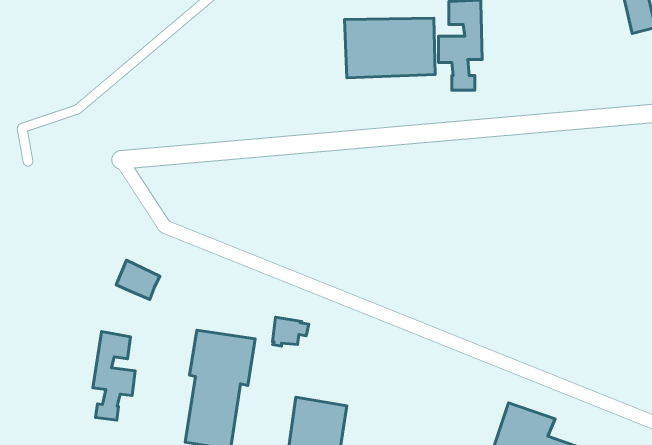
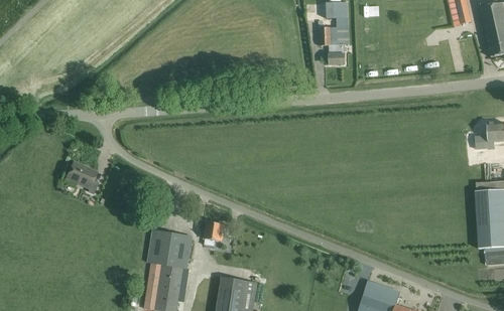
building: [344,18,435,78] -> none
building: [116,260,160,299] -> [67,161,97,188]
building: [93,332,135,420] -> none

